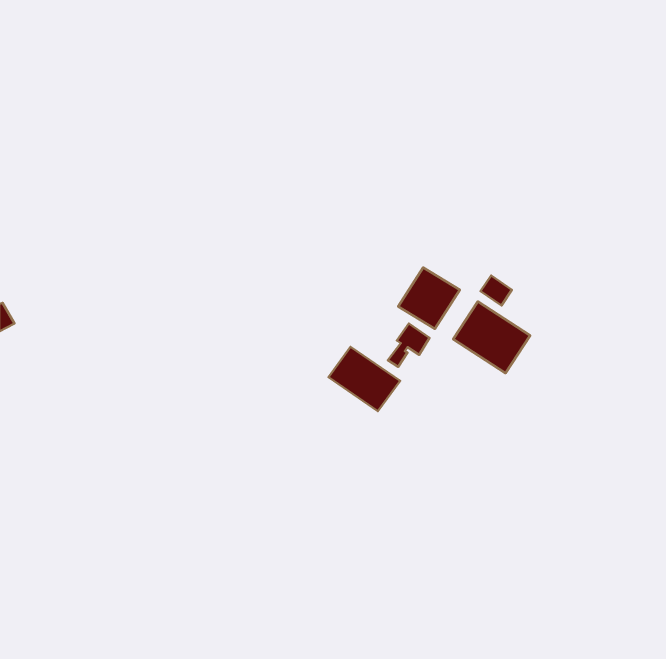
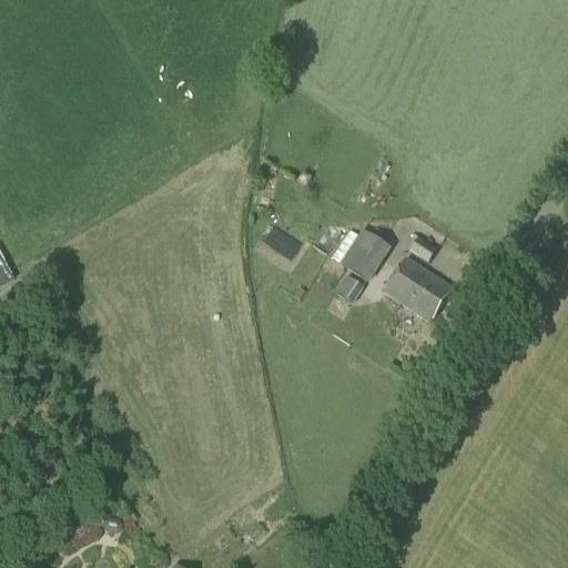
building: [328,347,400,411] -> none

